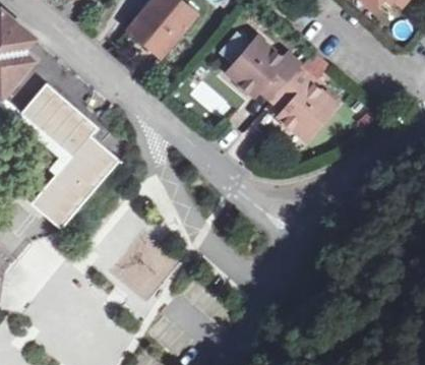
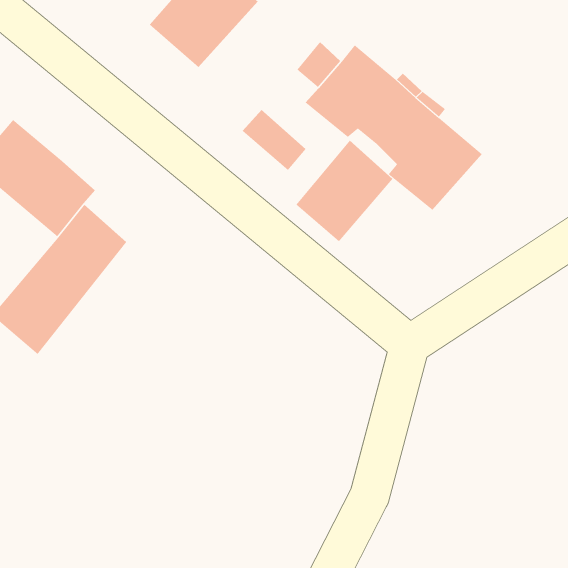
building: none -> [296,140,393,242]

